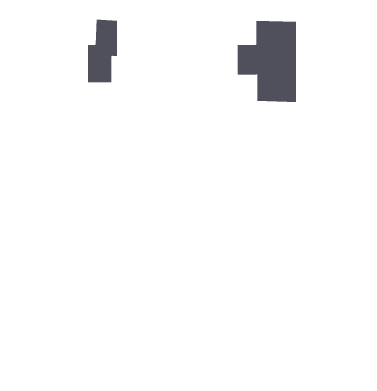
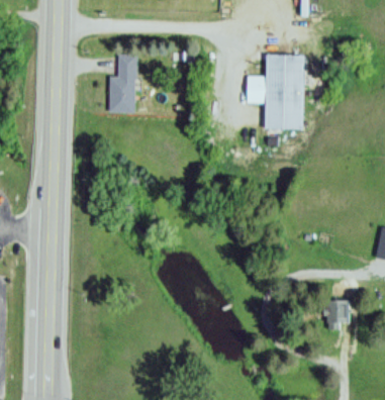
building: none -> [322,299,349,331]

